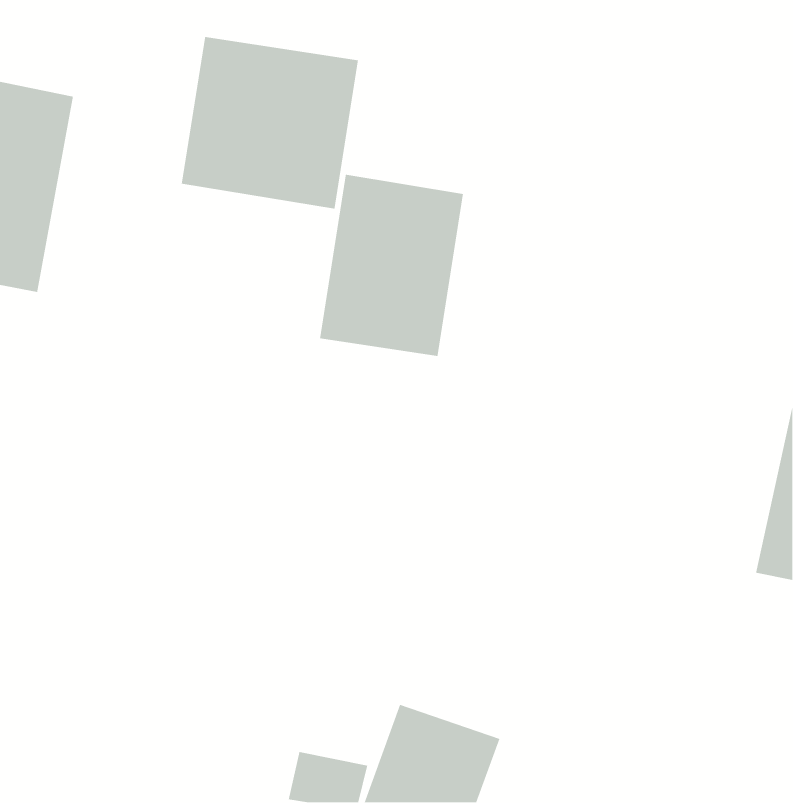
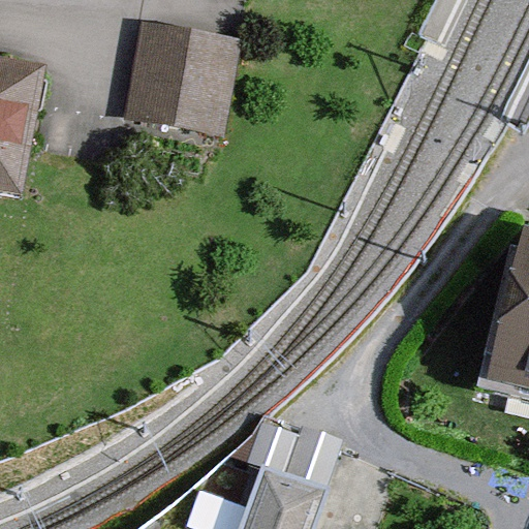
building: [319,174,464,357] -> none

